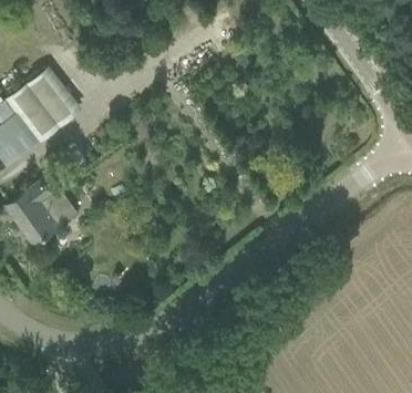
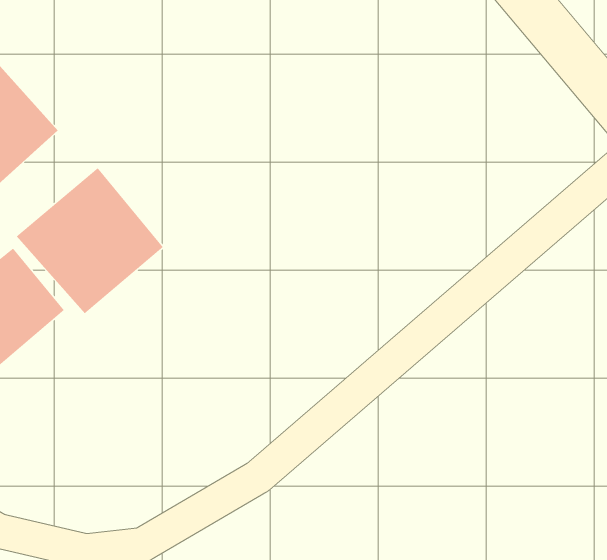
building: none -> [16,167,164,314]

